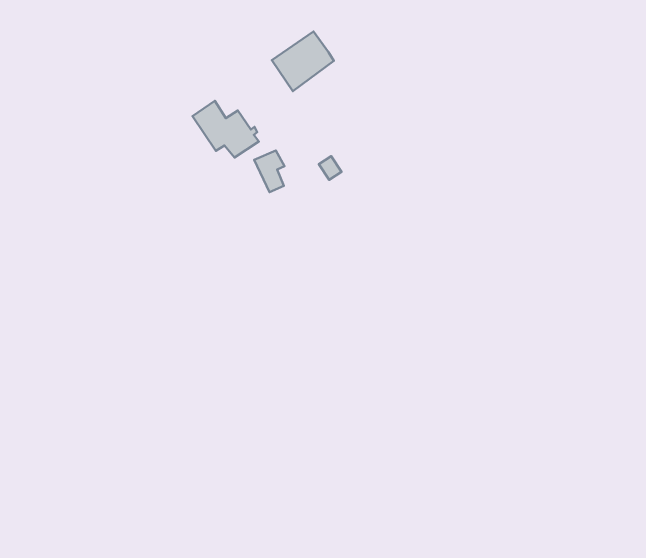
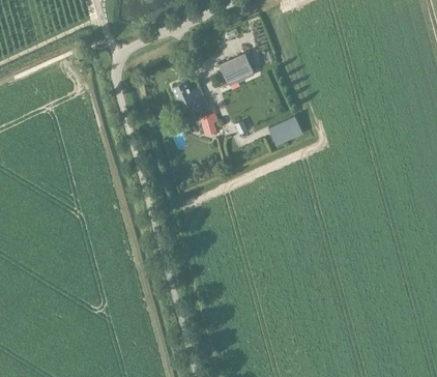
building: none -> [269,116,303,146]

